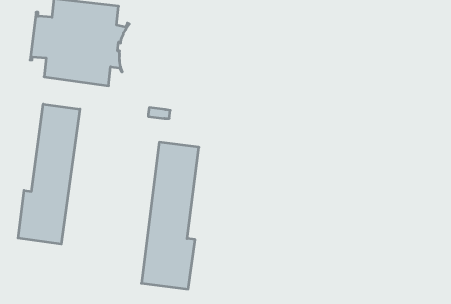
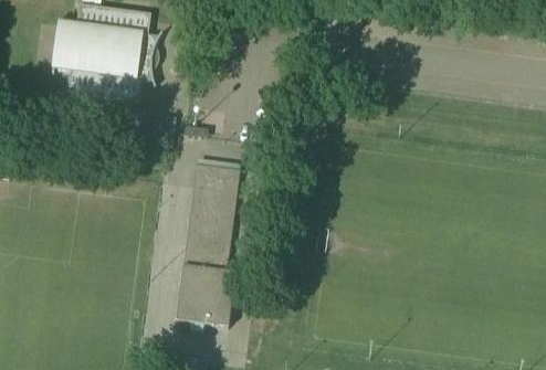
building: [18,104,80,244] -> none

